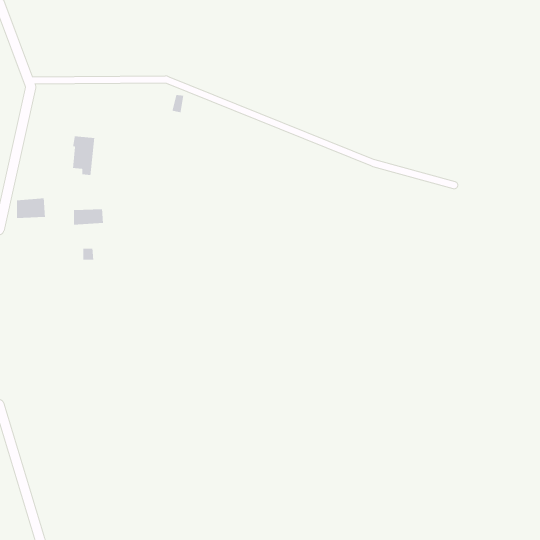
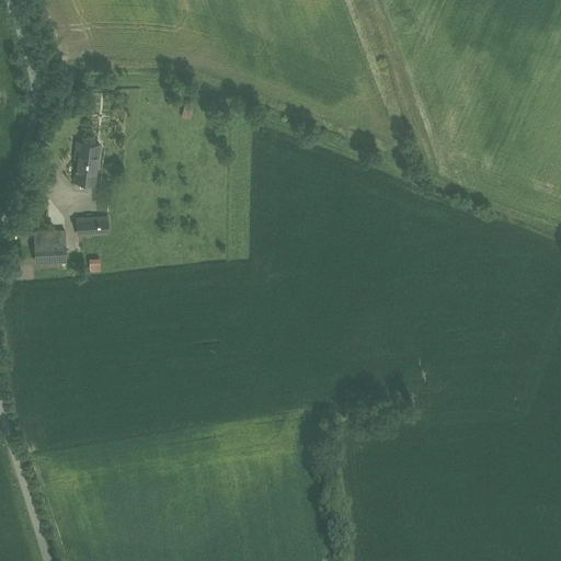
building: [16,198,46,219] -> [34,239,65,261]

